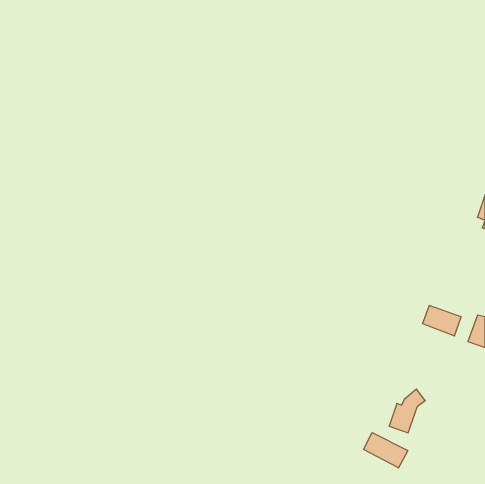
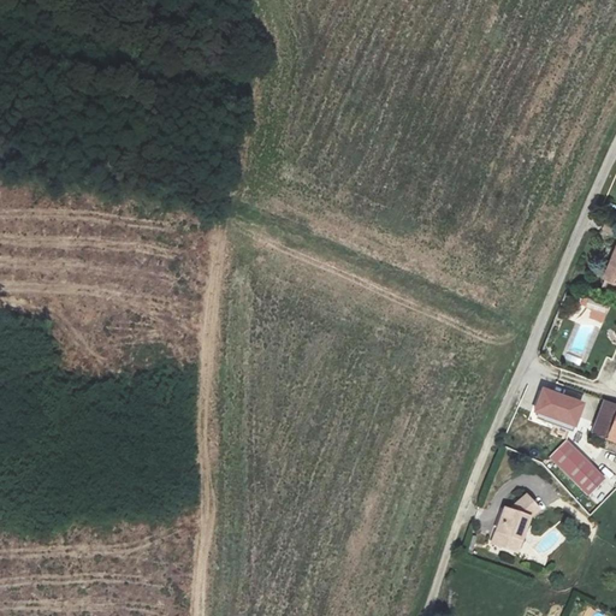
building: none -> [550,439,604,493]
building: [364,433,408,468] -> none

